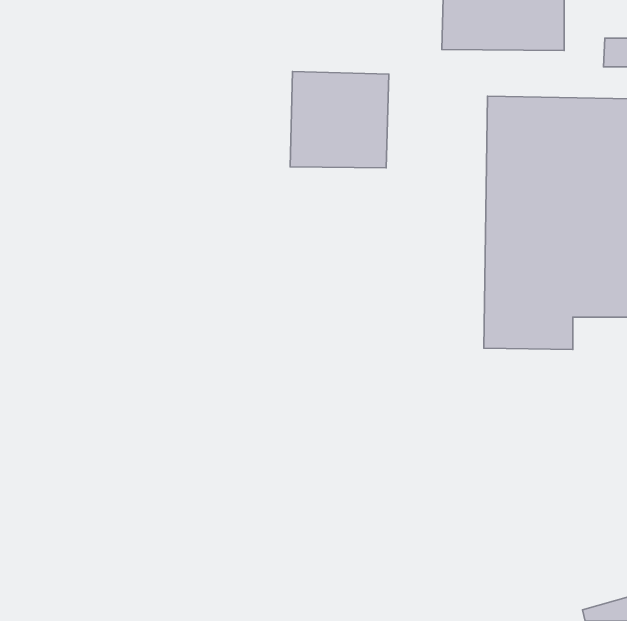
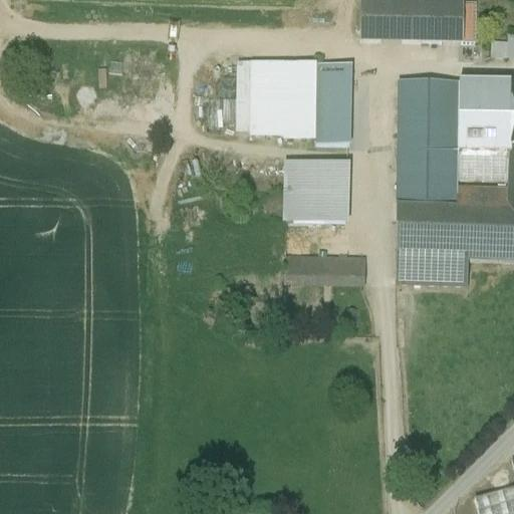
building: none -> [317,60,353,138]
building: none -> [284,158,350,220]
building: none -> [287,253,364,283]

